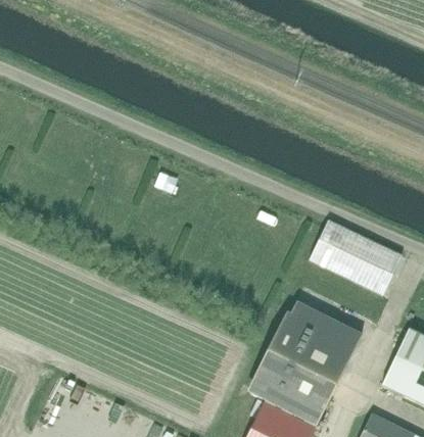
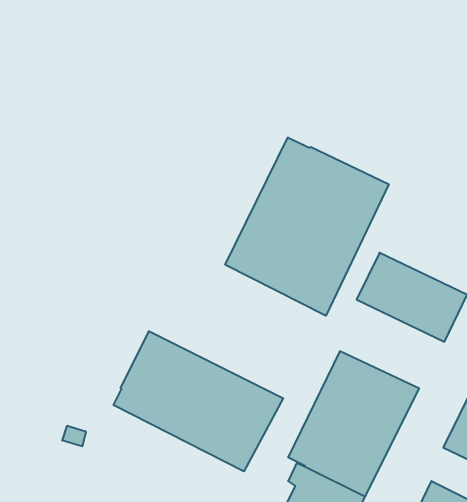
building: none -> [225,137,389,316]
building: none -> [114,331,283,471]

